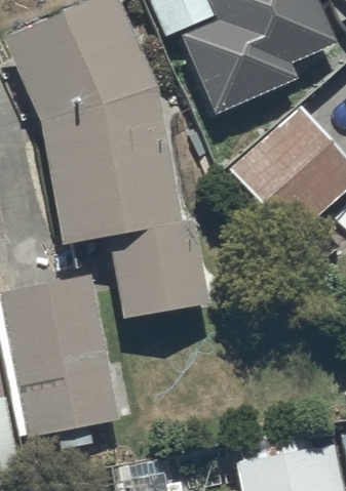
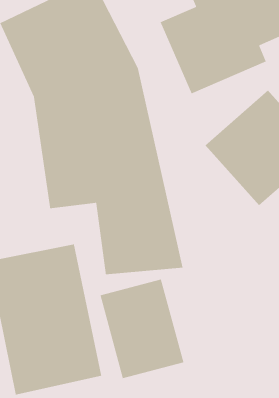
building: none -> [99,279,184,379]

